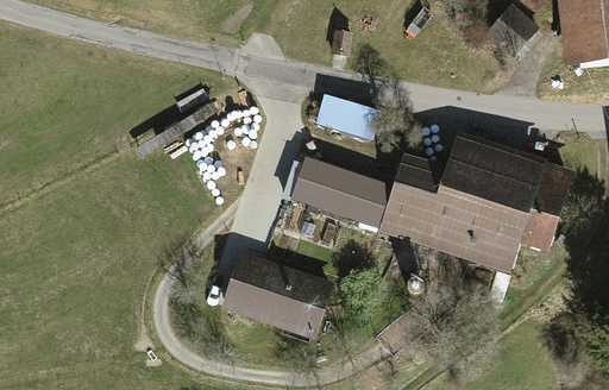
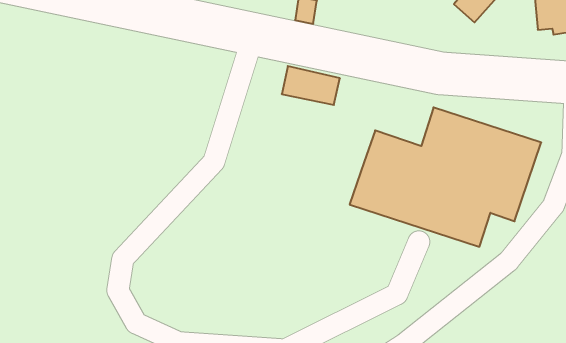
building: [294,158,397,231] -> none
building: [221,249,326,334] -> none

